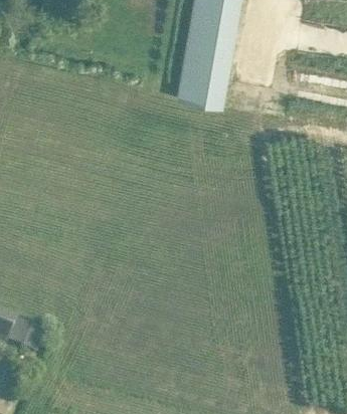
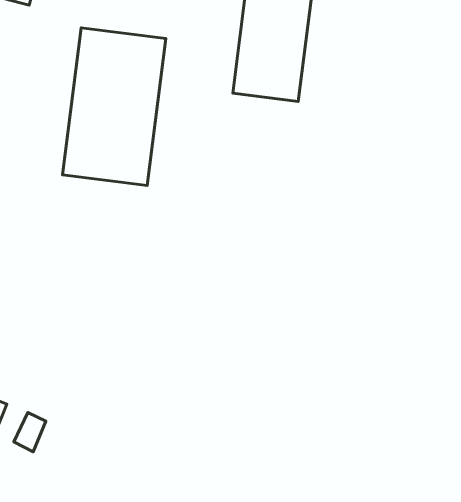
building: none -> [63,28,166,186]

